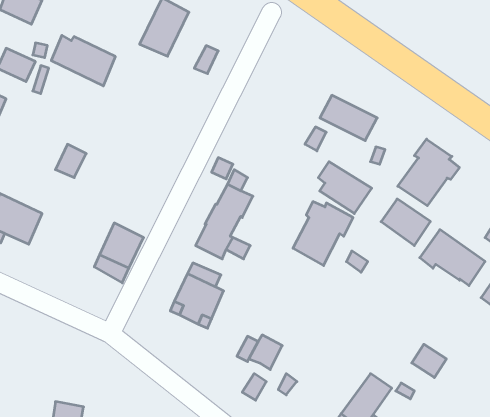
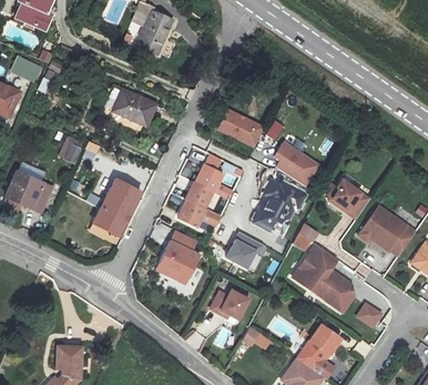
building: [51,35,115,86] -> [102,89,155,131]
building: [320,95,377,141] -> [217,110,265,148]
building: [398,139,459,206] -> none
building: none -> [109,180,142,210]
building: none -> [226,233,264,270]
building: none -> [294,241,348,303]

